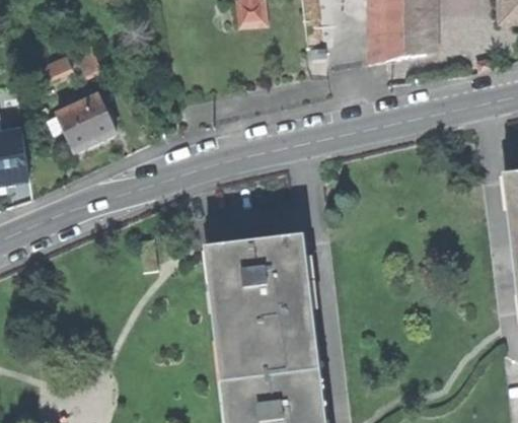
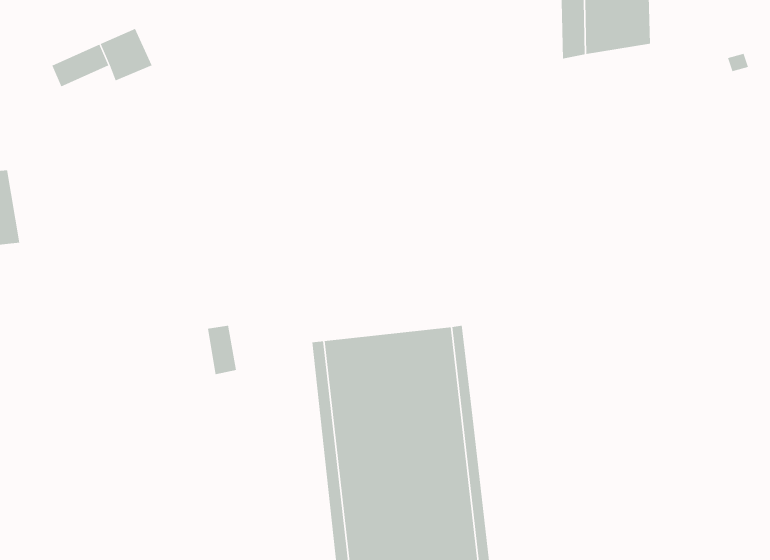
building: [56,94,116,152] -> none

